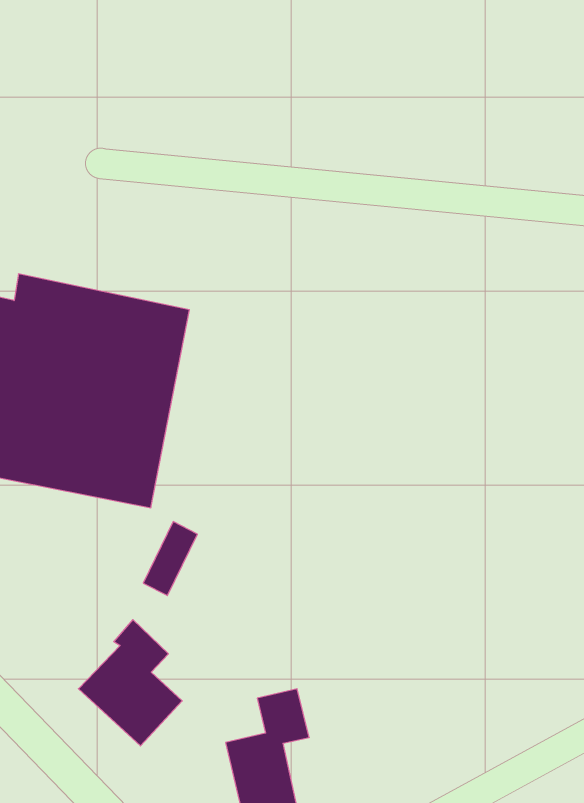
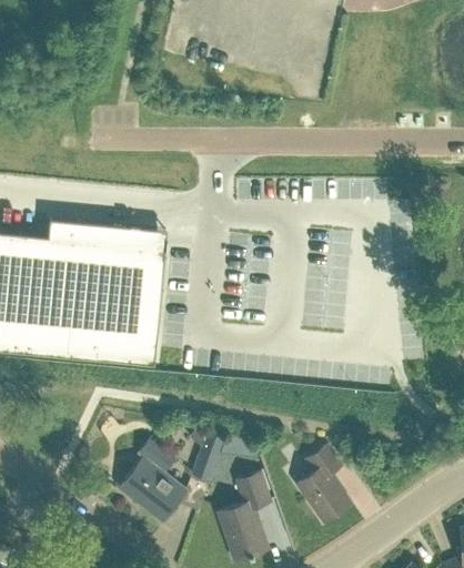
building: [143,522,197,596] -> [191,433,223,481]
building: none -> [299,446,352,524]

